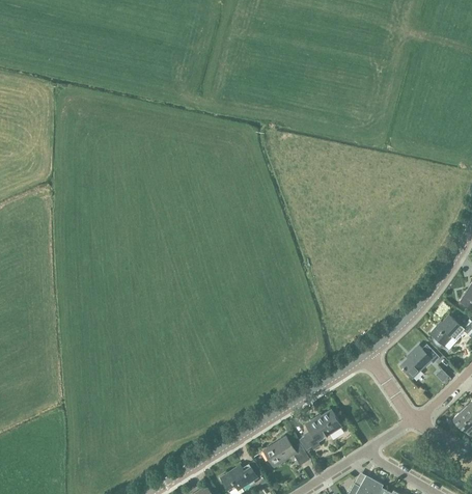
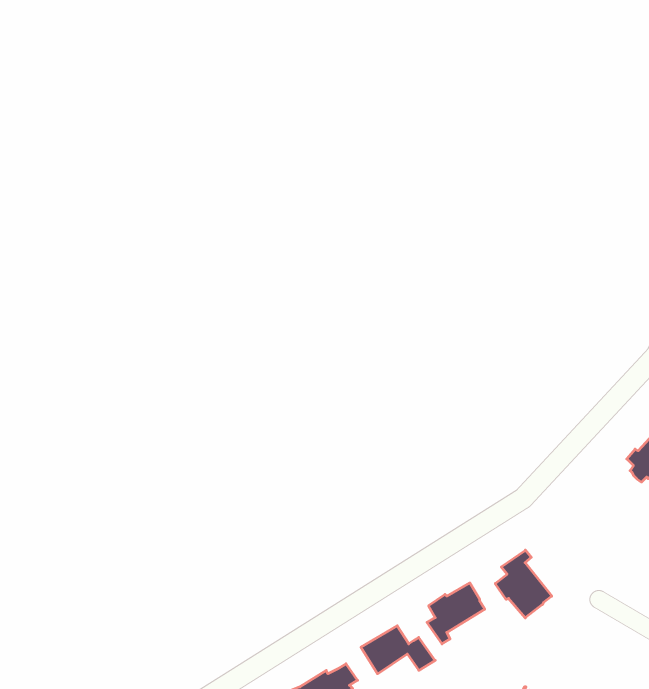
building: [400,345,439,378] -> none
building: none -> [495,550,552,618]

